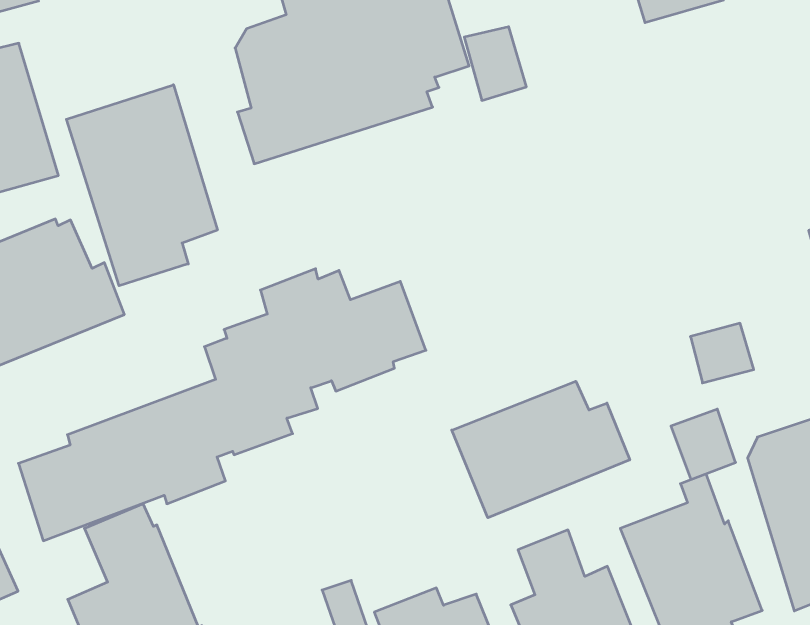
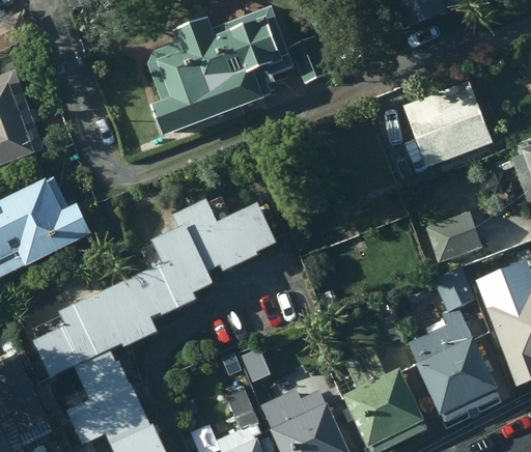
building: [66,85,217,286] -> none
building: none -> [412,105,470,166]
building: [452,381,630,518] -> none

